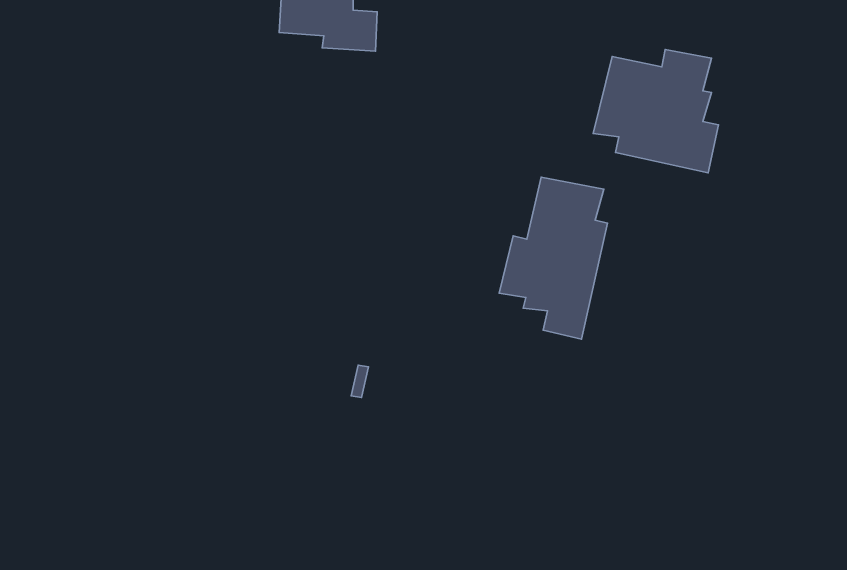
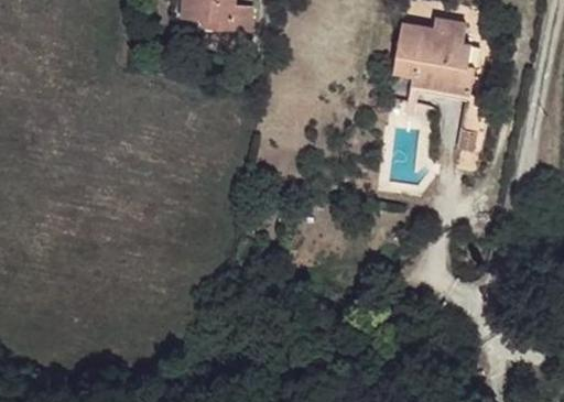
building: [499,177,607,339] -> none

